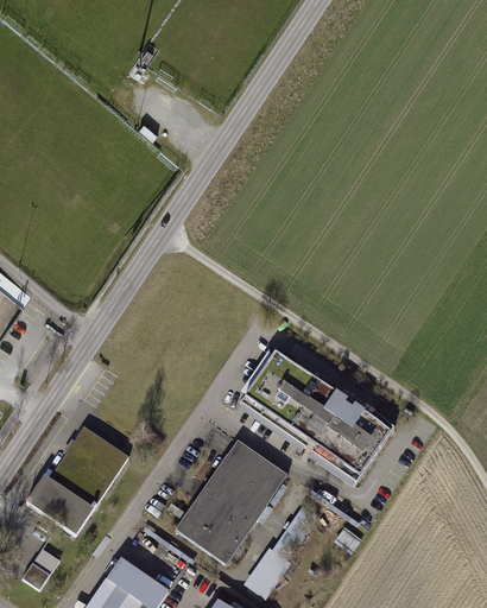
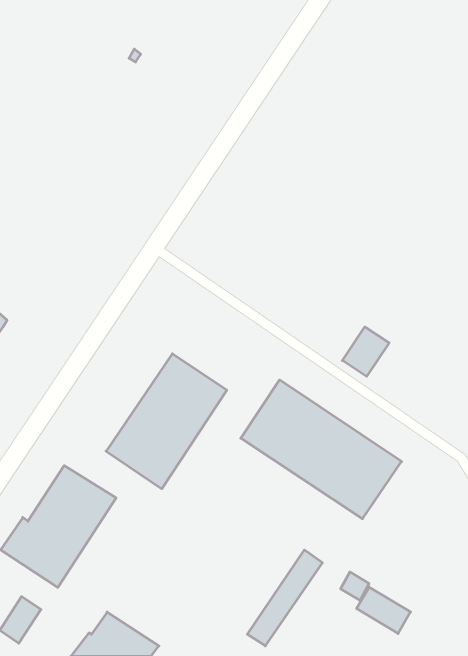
building: none -> [342,327,389,376]
building: [175,439,285,563] -> [106,354,227,489]
building: none -> [357,587,411,634]

